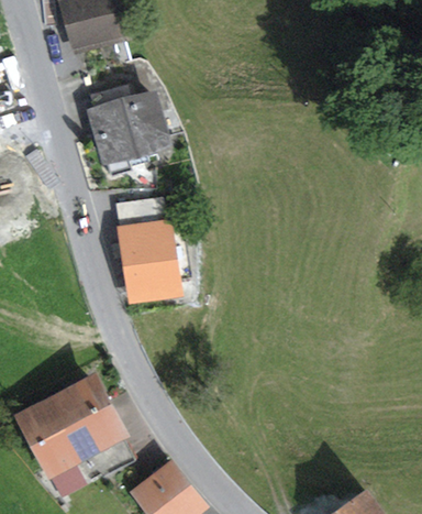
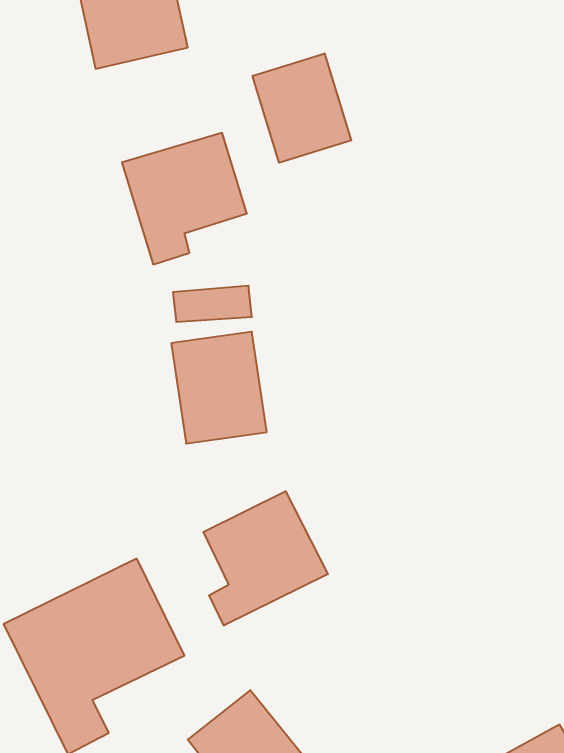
building: none -> [253,53,351,163]
building: none -> [203,491,328,626]

